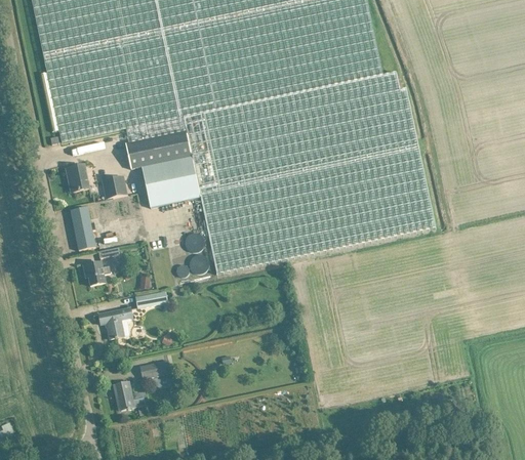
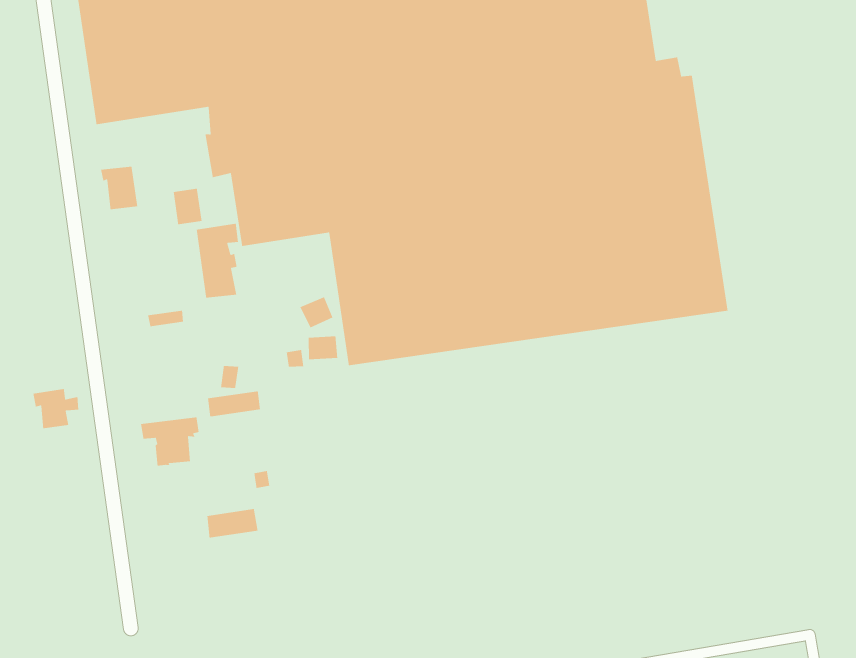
building: [70,205,96,250] -> [196,223,239,298]
building: [82,261,110,286] -> [33,388,79,429]
building: [113,381,145,410] -> none

